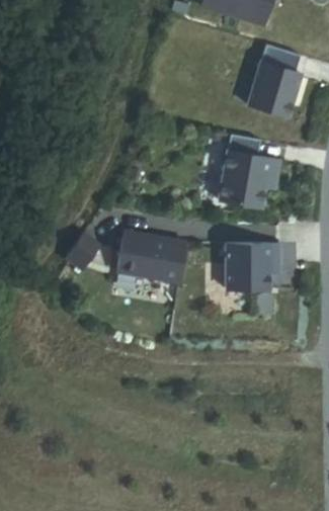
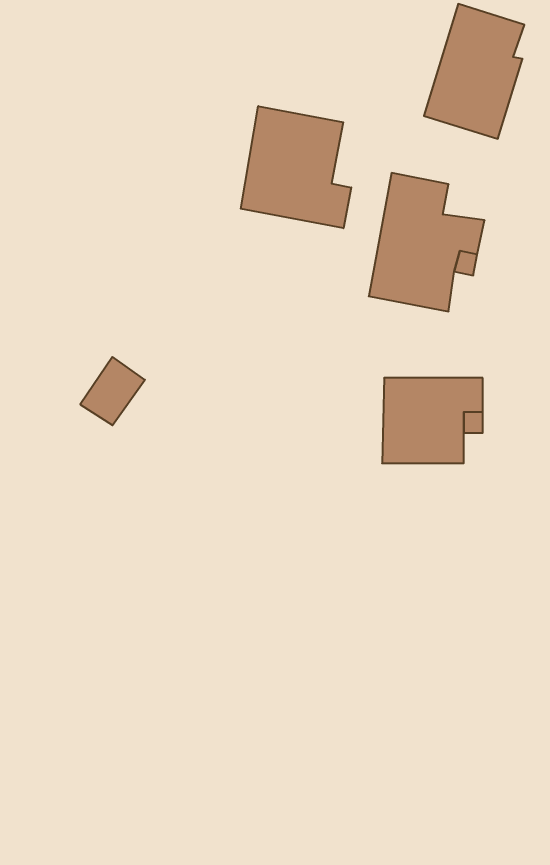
building: none -> [241,106,351,228]
building: [117,233,187,283] -> none

